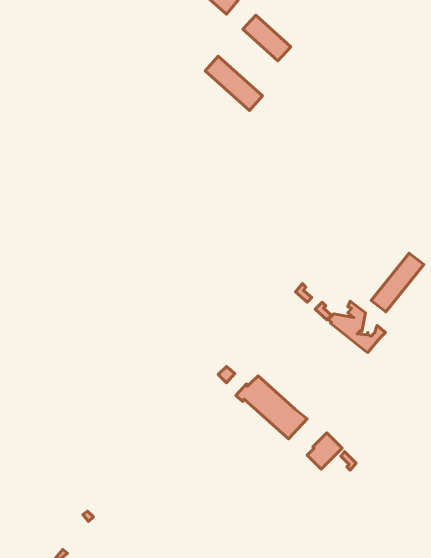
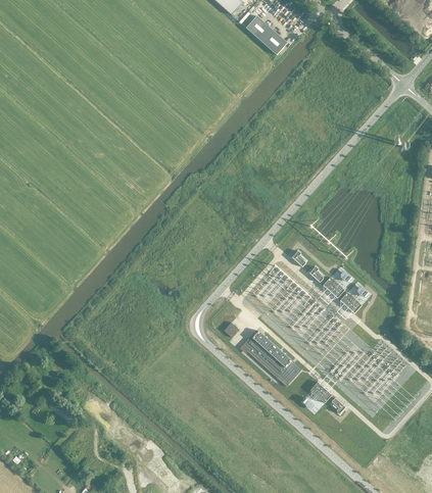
building: [205,56,262,111] -> none
building: [371,253,424,312] -> none

